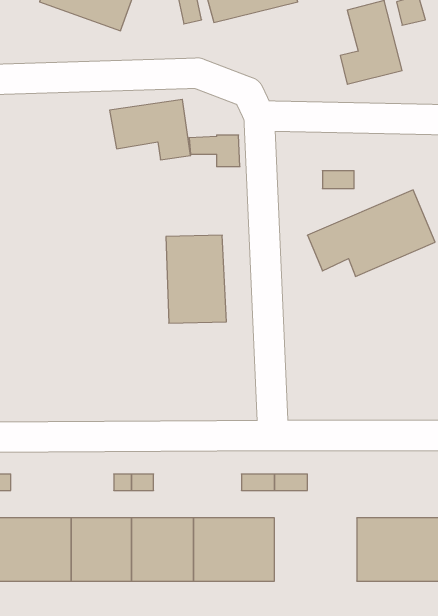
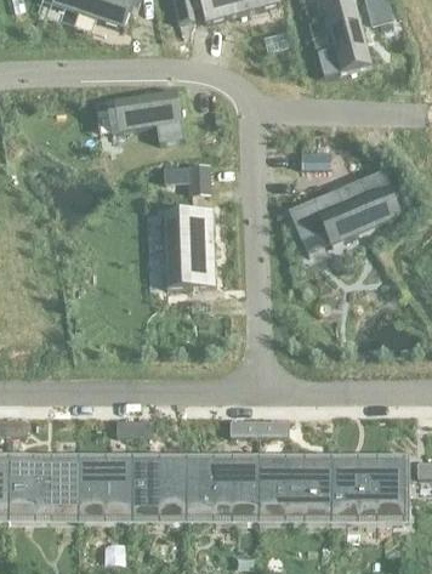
building: [189,135,240,167] -> [163,164,208,192]
building: none -> [257,459,330,515]

